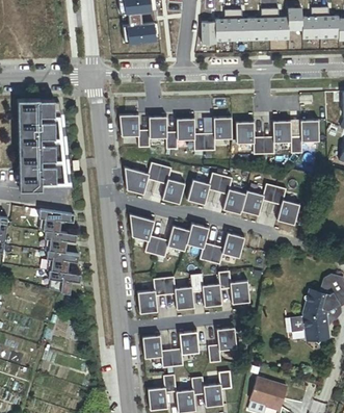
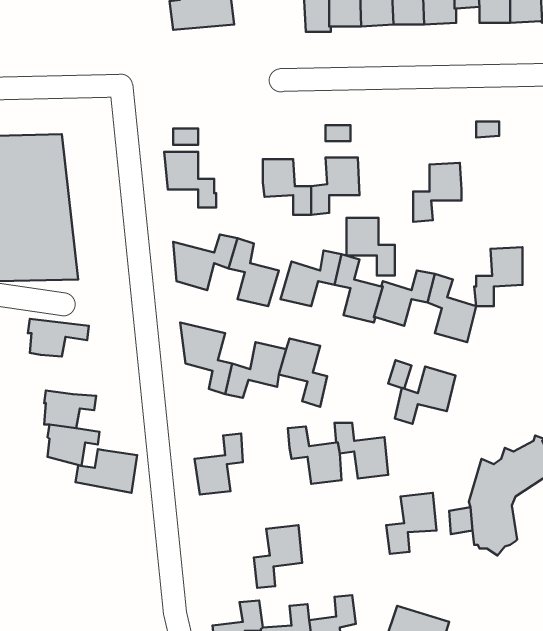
building: [149,115,178,148] -> none
building: [291,119,319,153] -> [474,247,523,306]
building: [236,121,264,154] -> [346,218,395,275]
building: [47,231,78,254] -> none
building: [210,231,245,264] -> [395,366,456,424]
building: [164,276,195,309] -> none
building: none -> [76,449,137,493]
building: [208,327,237,362] -> [386,493,436,554]
building: [142,334,174,367] -> none

